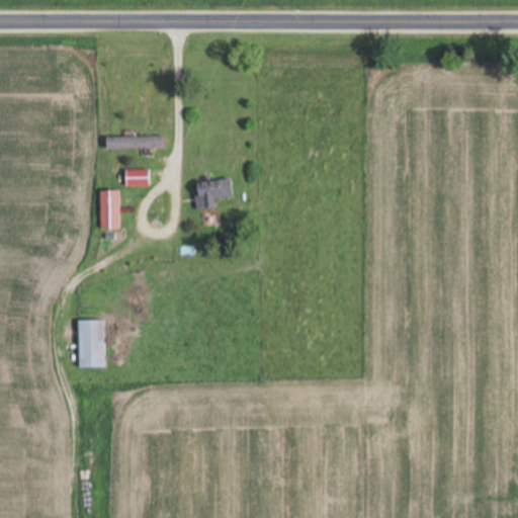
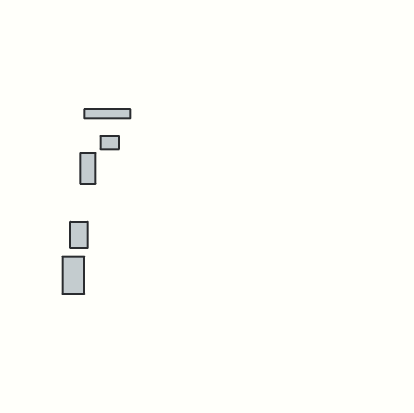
building: [195,181,232,208] -> none
building: none -> [70,222,88,248]

